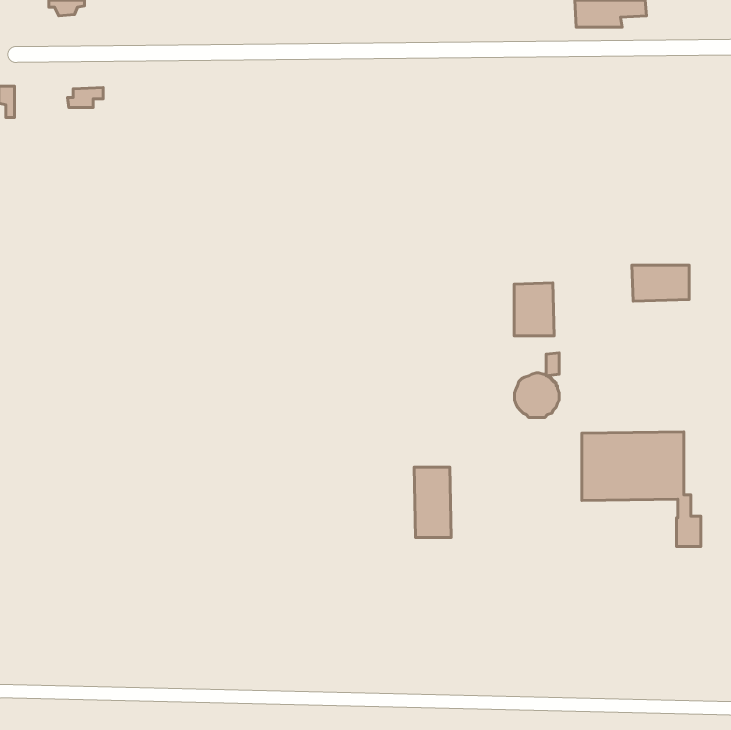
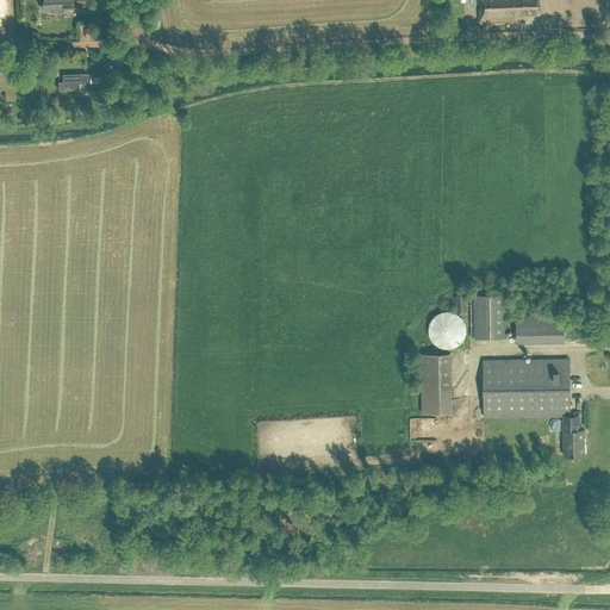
building: [632,265,689,301] -> [515,315,562,344]
building: [514,283,554,336] -> [472,295,505,340]
building: [414,467,451,537] -> [419,355,450,413]

